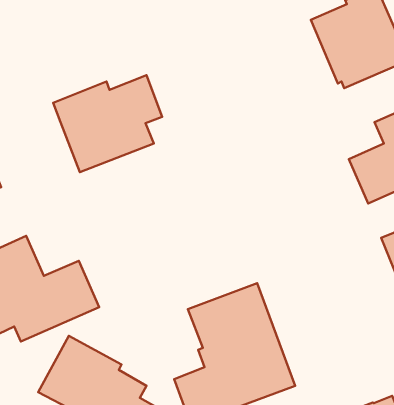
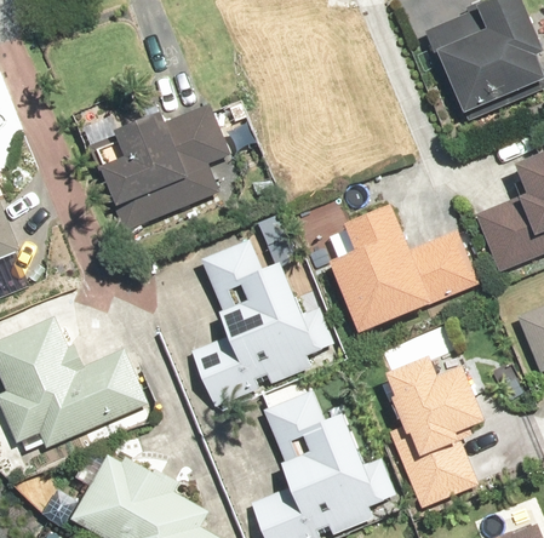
building: none -> [325,205,479,334]
building: none -> [189,237,342,411]
building: none -> [382,356,480,508]

